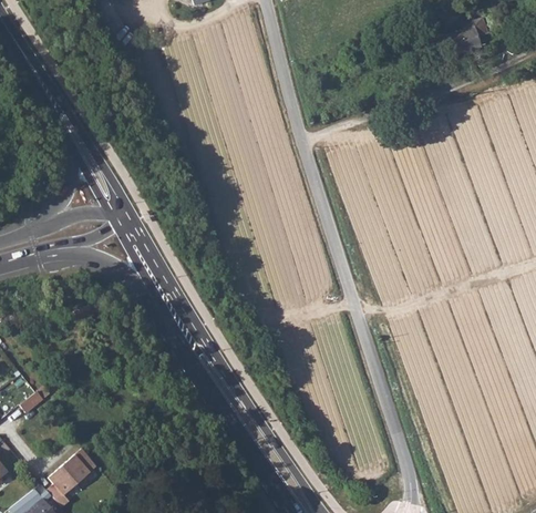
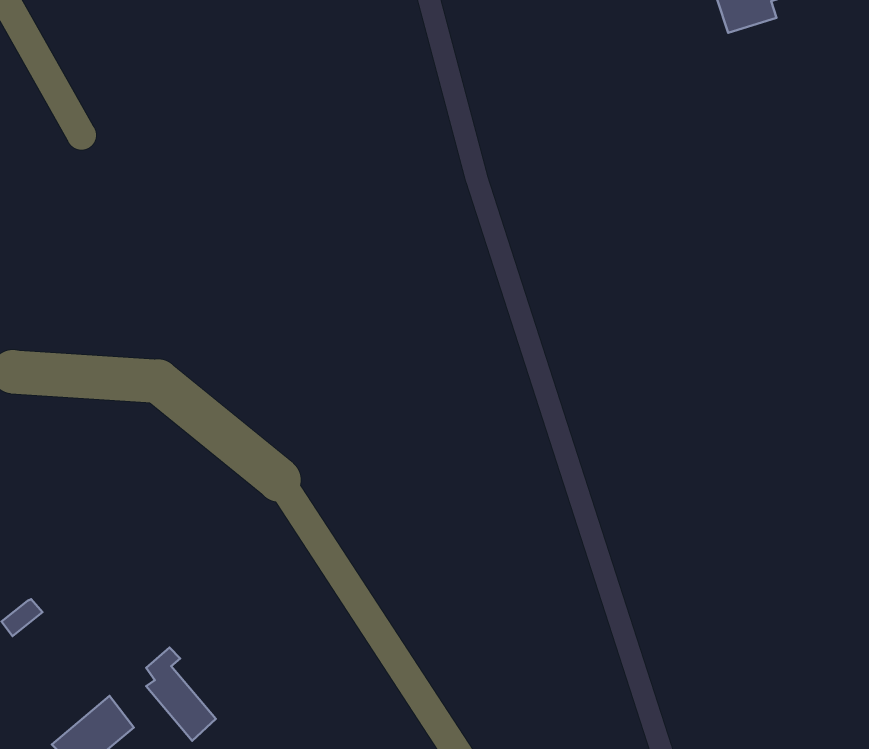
building: none -> [146,647,216,741]

